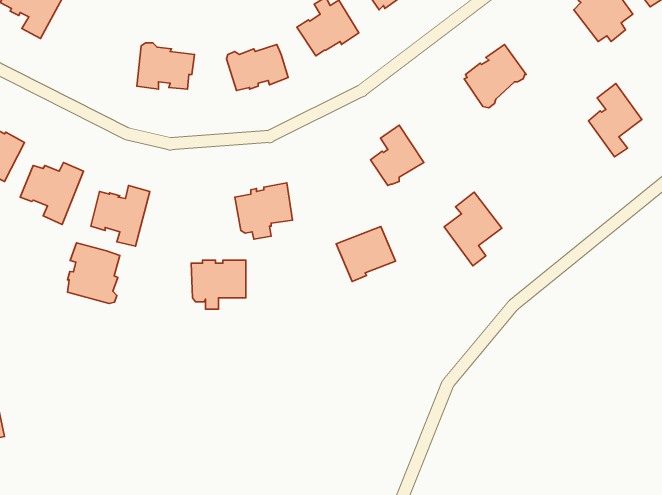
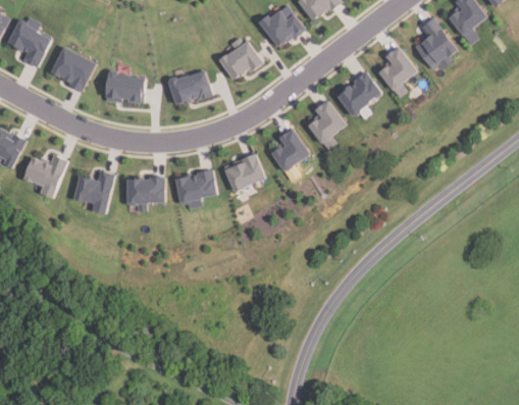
building: none -> [51,47,97,93]
building: [589,83,642,157] -> [378,46,416,98]
building: [444,192,502,266] -> [305,99,346,151]
building: [336,227,395,281] -> [221,154,263,193]
building: [68,243,120,303] -> none
building: [191,260,246,309] -> [125,176,164,211]

